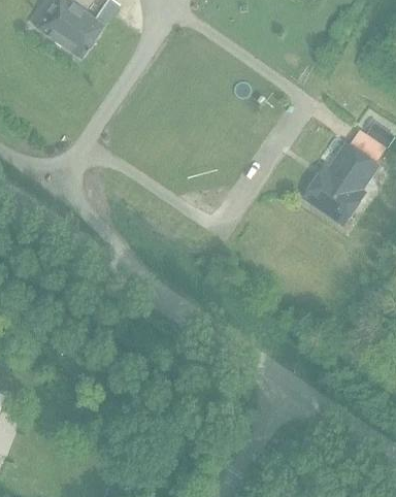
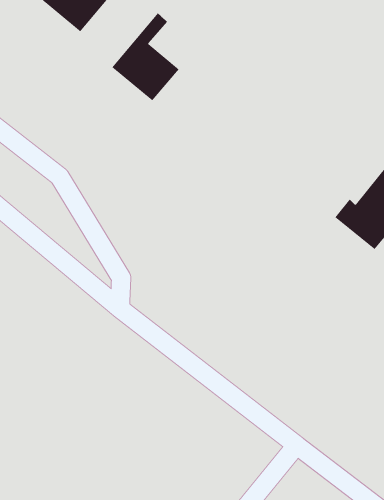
building: none -> [112,12,180,101]

